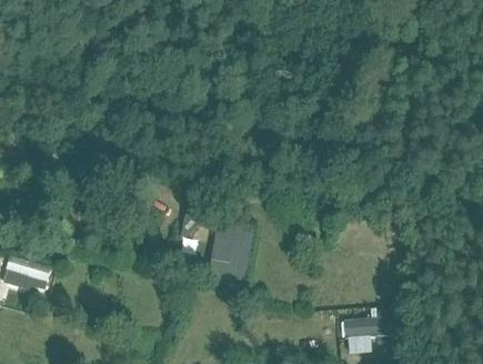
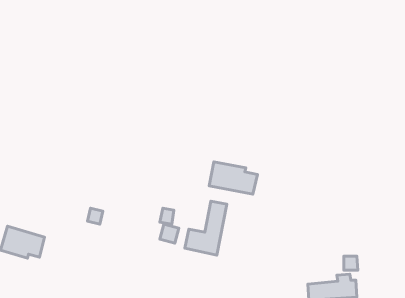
building: none -> [209,162,258,194]

